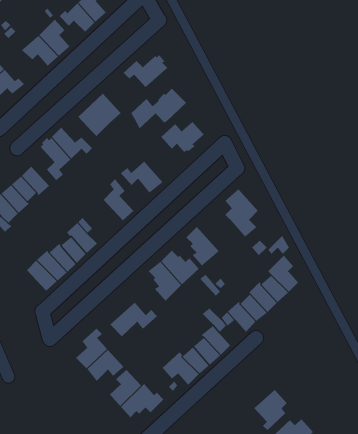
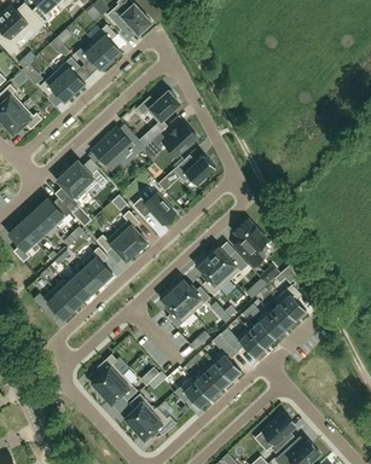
building: none -> [97,231,137,261]
building: none -> [208,246,248,280]
building: [109,302,158,337] -> none

